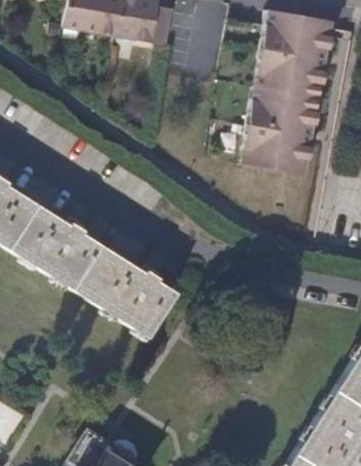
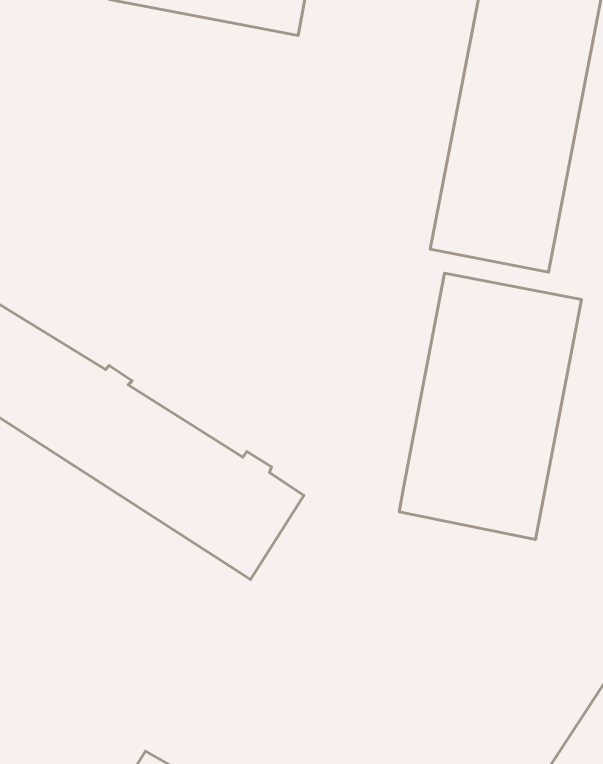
building: none -> [399,273,582,539]

